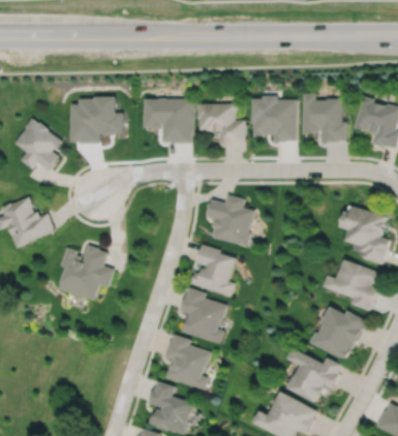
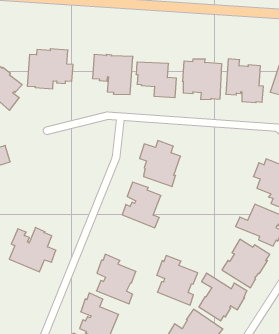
building: [61,245,115,297] -> [9,227,56,272]
building: [181,285,228,341] -> [157,256,198,305]

